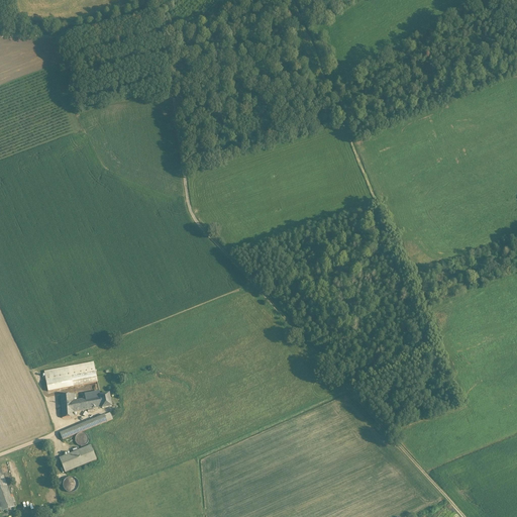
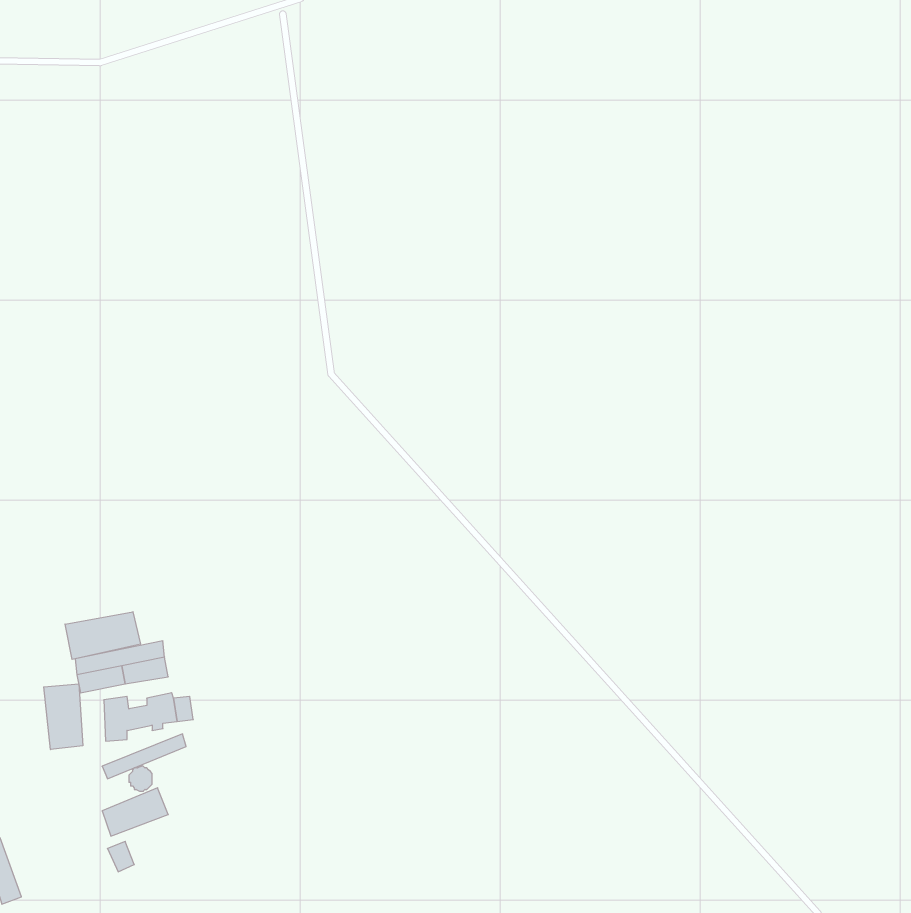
building: none -> [65,612,141,659]
building: none -> [44,684,83,750]

